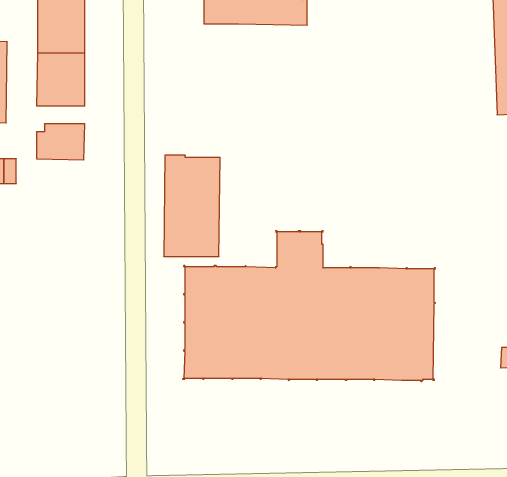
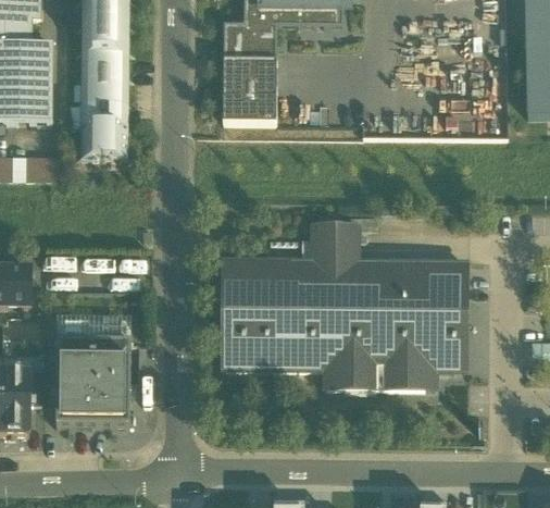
building: [164,155,220,256] -> [222,23,276,121]
building: none -> [54,335,128,428]
building: none -> [325,369,434,387]

